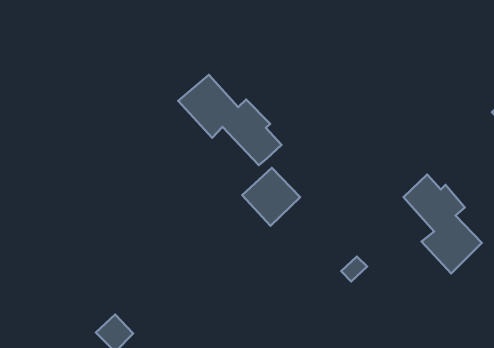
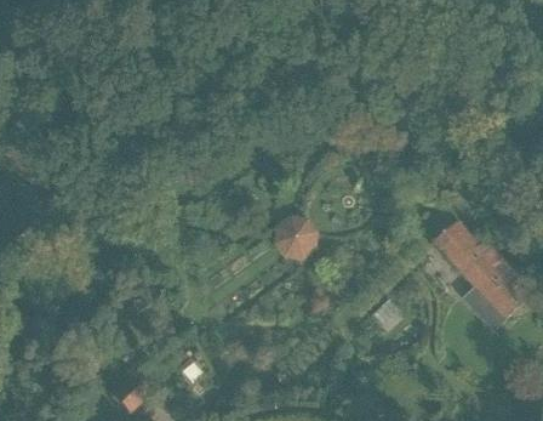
building: [178,75,282,165] -> none

